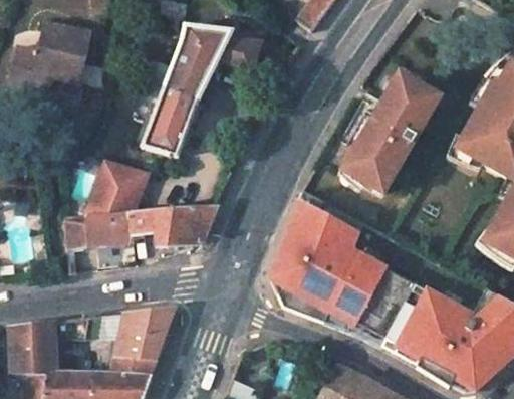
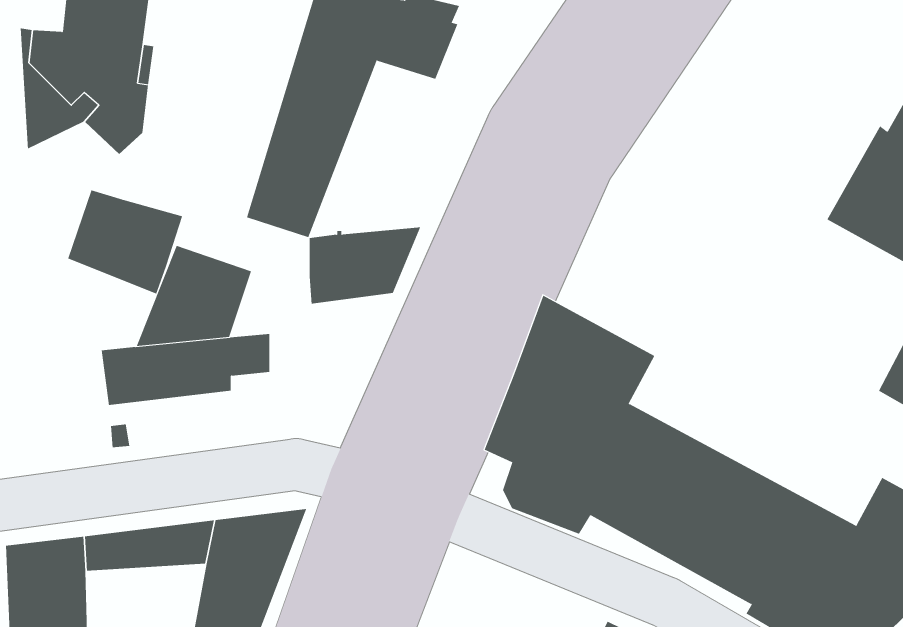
building: [343,74,439,193] -> none
building: none -> [68,189,183,295]
building: [155,205,216,247] -> [309,227,421,304]

